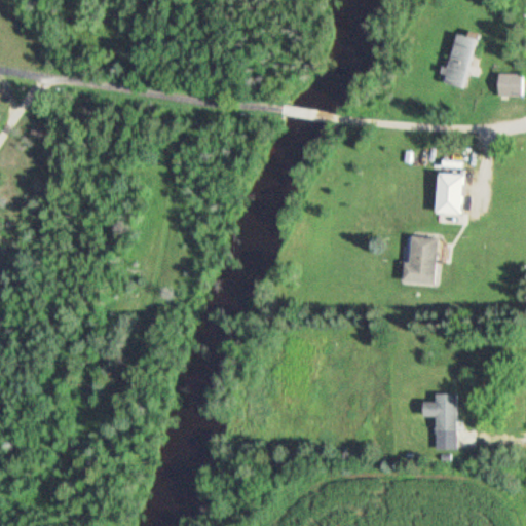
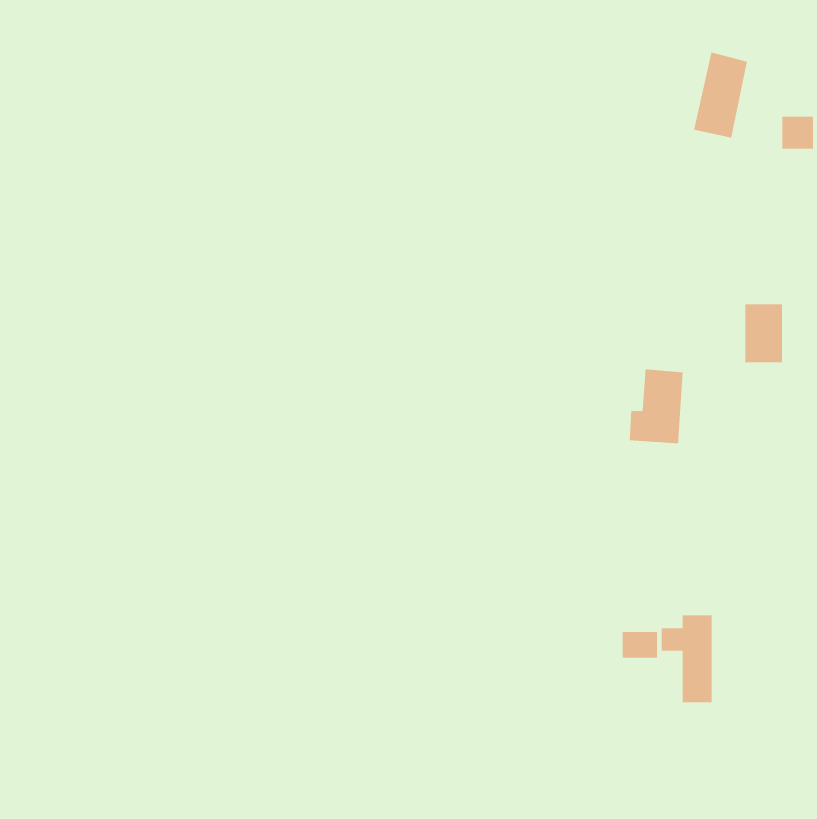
building: [437,175,461,213] -> [744,304,783,363]
building: none -> [622,631,658,658]

